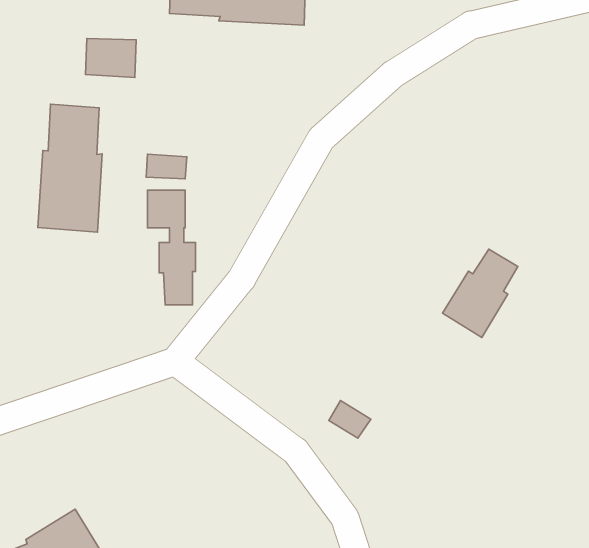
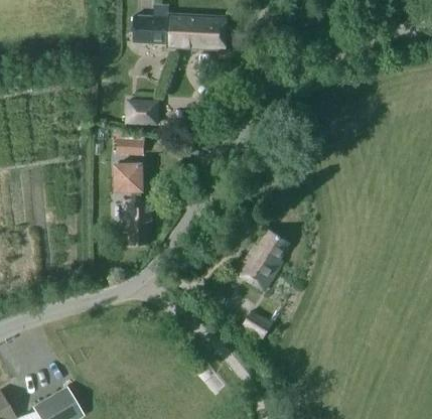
building: [85,38,136,77] -> [124,98,159,125]
building: [38,104,102,232] -> none
building: [443,249,518,338] -> [237,229,289,290]

